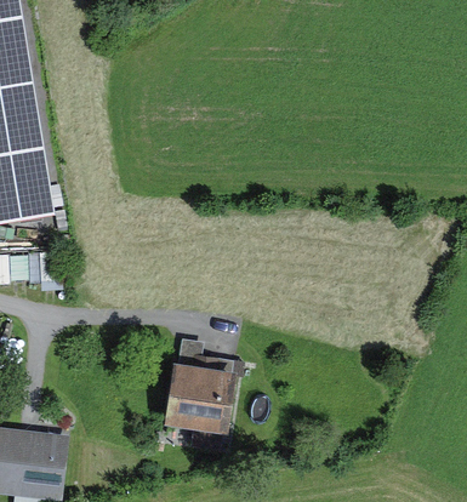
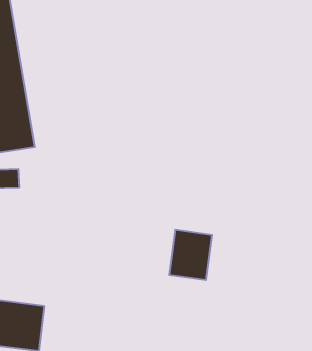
building: [165,364,226,434] -> [169,230,212,280]

